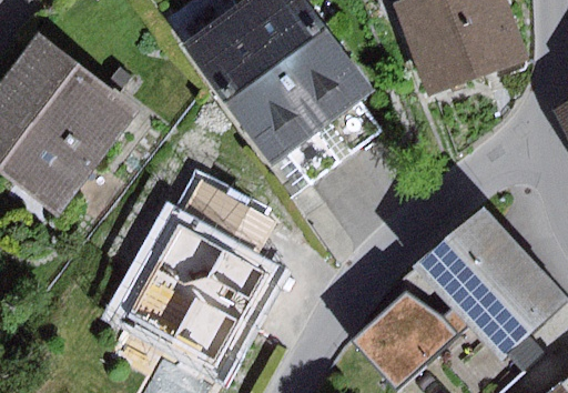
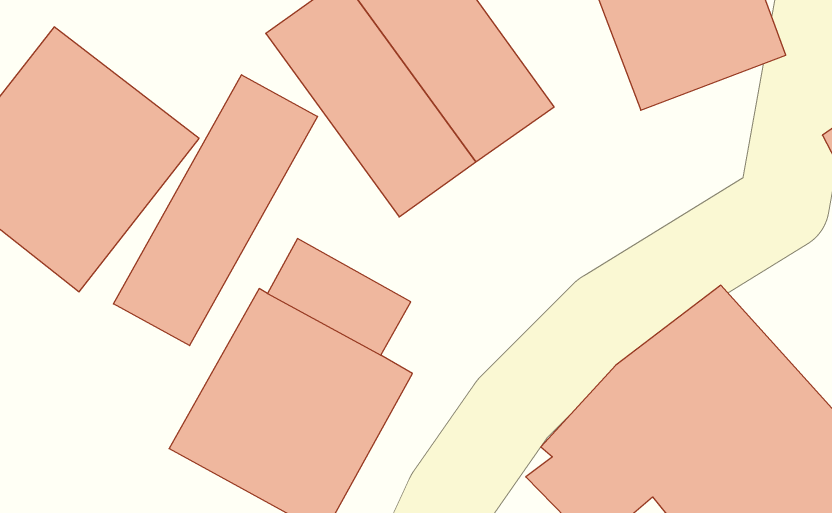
building: none -> [113,75,318,346]

